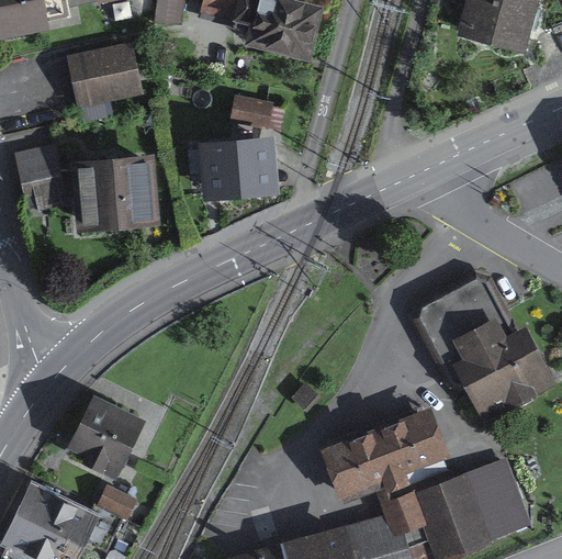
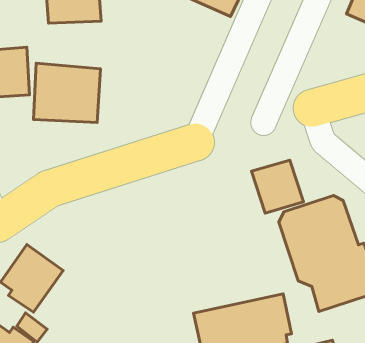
building: [228,94,273,128] -> none
building: [205,141,270,195] -> none
building: none -> [251,160,303,213]

